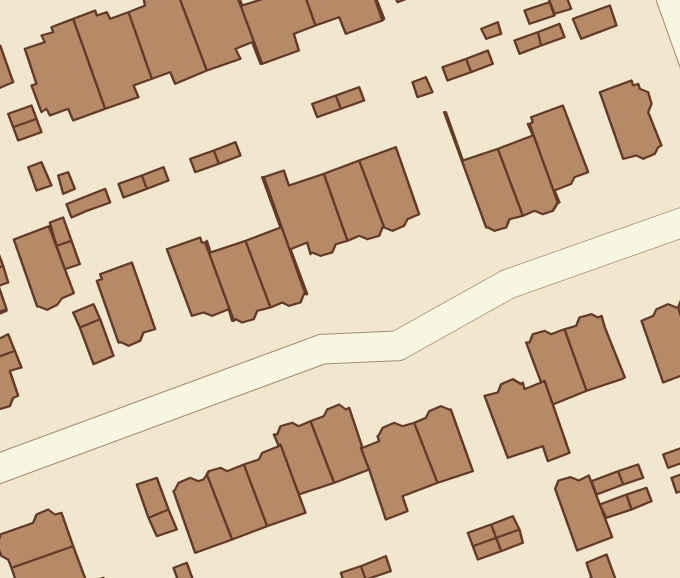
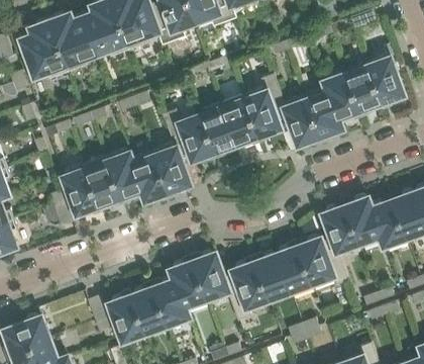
building: none -> [344,63,381,111]
building: none -> [243,75,298,146]
building: [14,226,74,310] -> [84,158,120,208]
building: none -> [369,201,405,247]
building: [555,476,612,551] -> [277,247,311,292]

